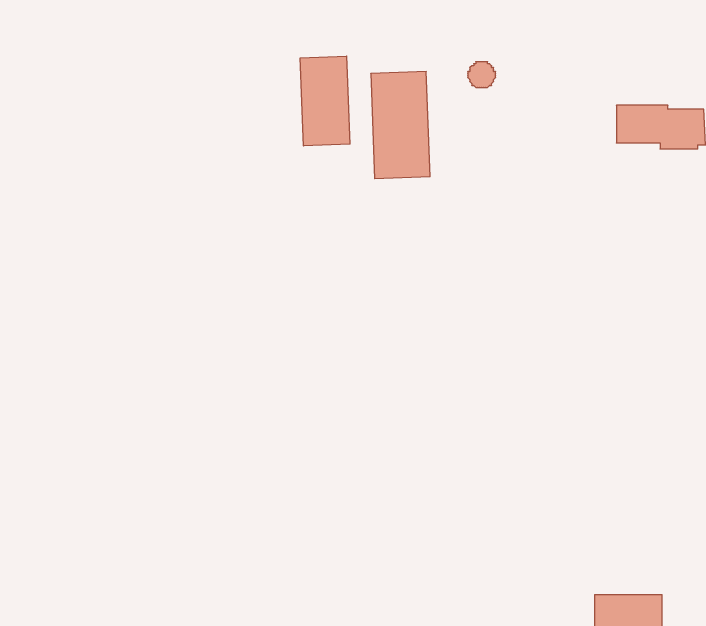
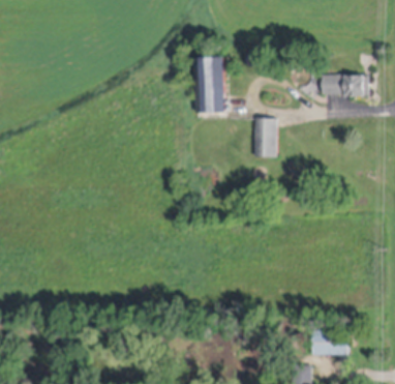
building: [300,56,350,146] -> none
building: none -> [255,118,277,156]

